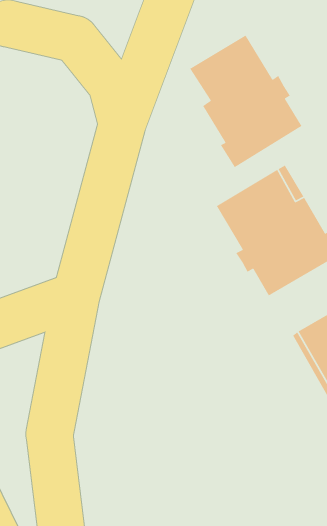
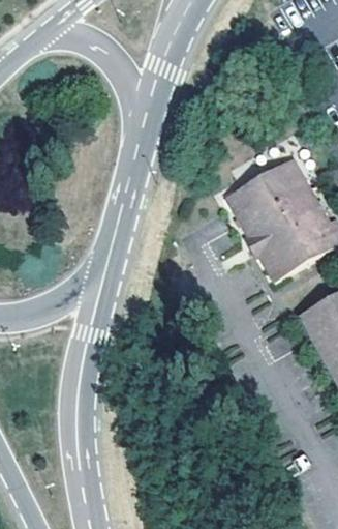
building: [189,34,302,168] -> none

